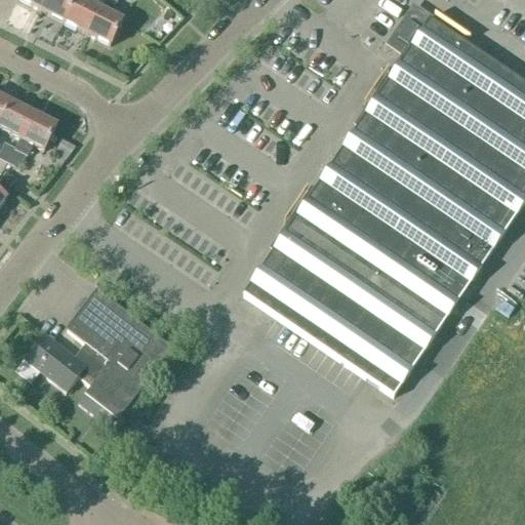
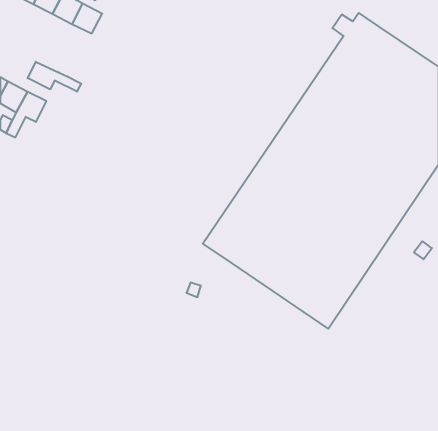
building: none -> [28,62,81,92]
building: [25,285,171,423] -> none

